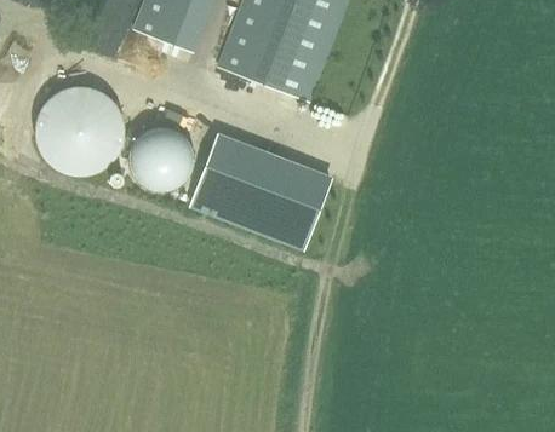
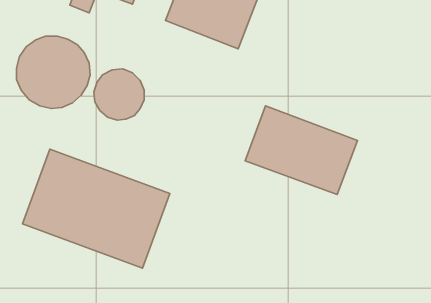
building: [188,136,328,247] -> [245,106,357,195]
building: none -> [23,149,170,268]

